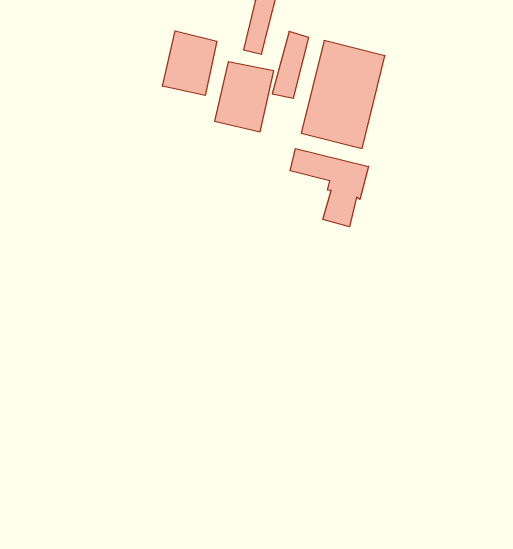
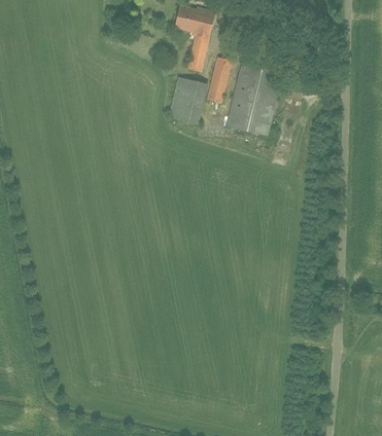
building: [163,31,217,95] -> none
building: [290,149,368,227] -> none

